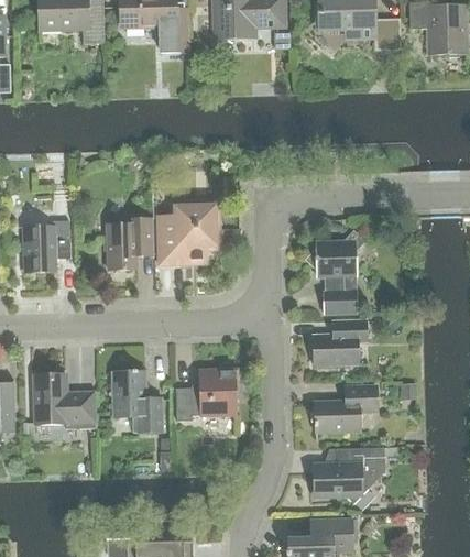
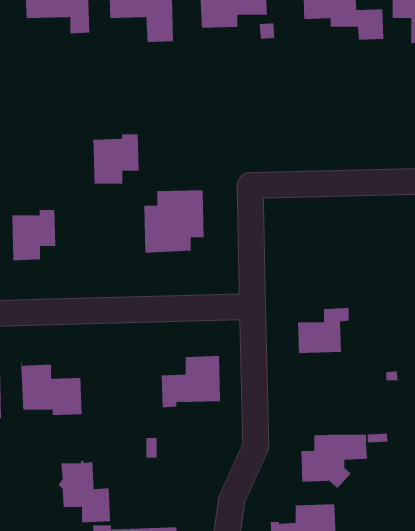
building: [106,219,153,270] -> [93,134,140,184]
building: [310,231,363,314] -> none
building: [108,370,162,433] -> [57,461,111,523]
building: [314,386,376,433] -> none

